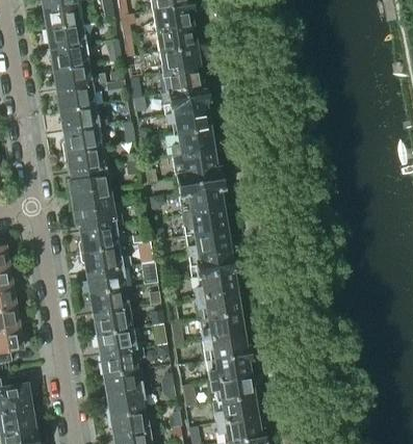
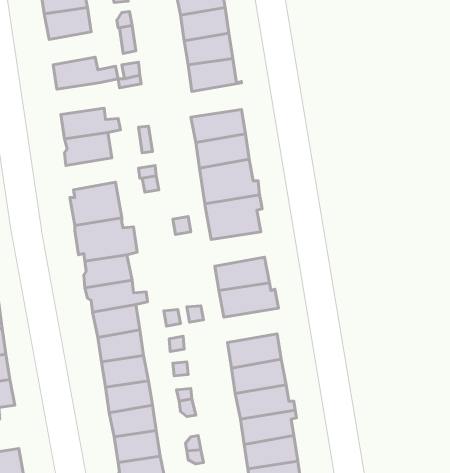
building: [51,44,88,71] -> none
building: [57,85,96,111] -> none
building: [163,85,210,113] -> none
building: [64,147,105,173] -> none
building: [183,207,227,235] -> none
building: [193,269,238,297] -> none

